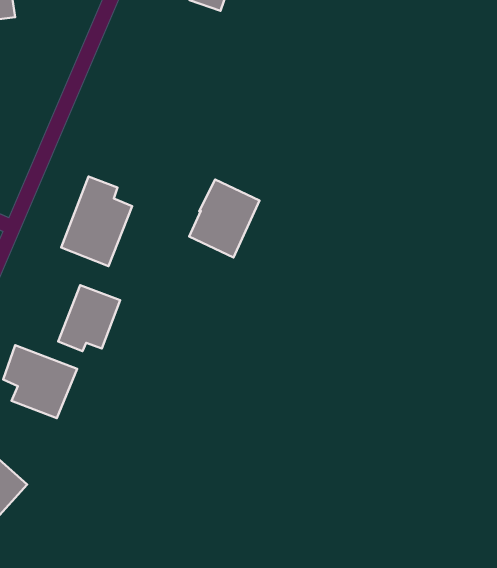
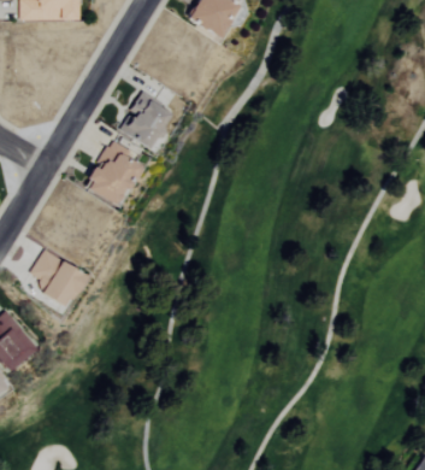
building: [189,179,260,258] -> [119,92,172,148]
building: [58,285,120,351] -> none

